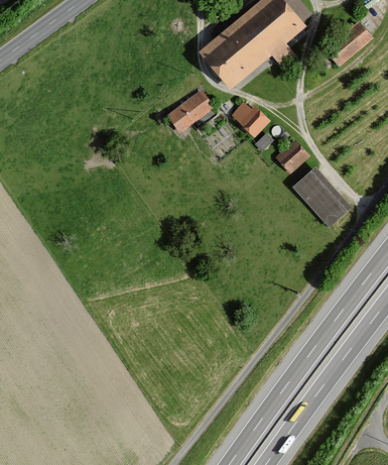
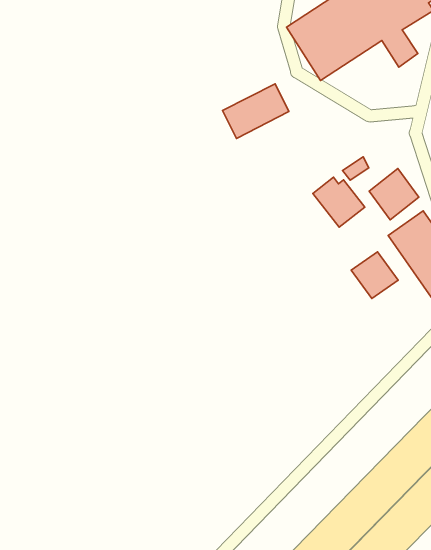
building: [232,103,269,137] -> [313,177,365,227]
building: none -> [351,252,398,298]

